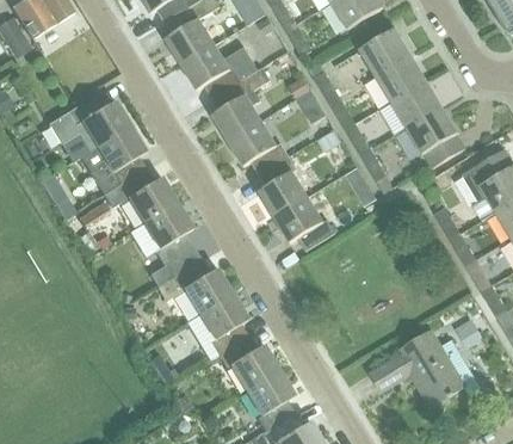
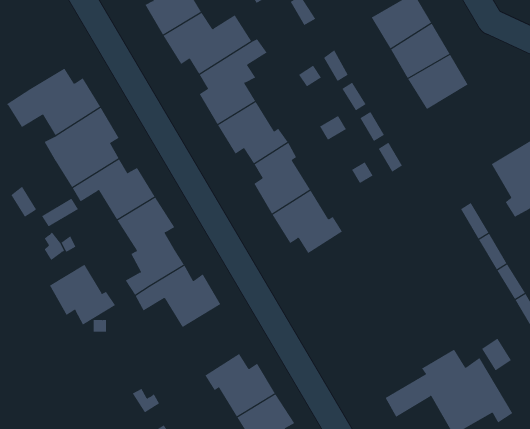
building: [407,106,465,167] -> none
building: none -> [49,264,116,325]
building: [186,294,247,359] -> none

